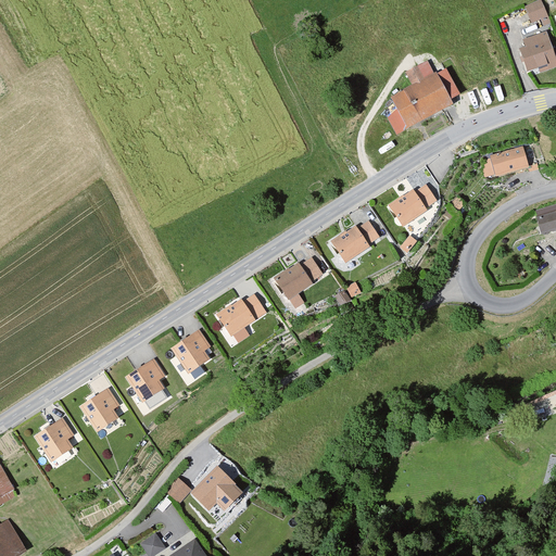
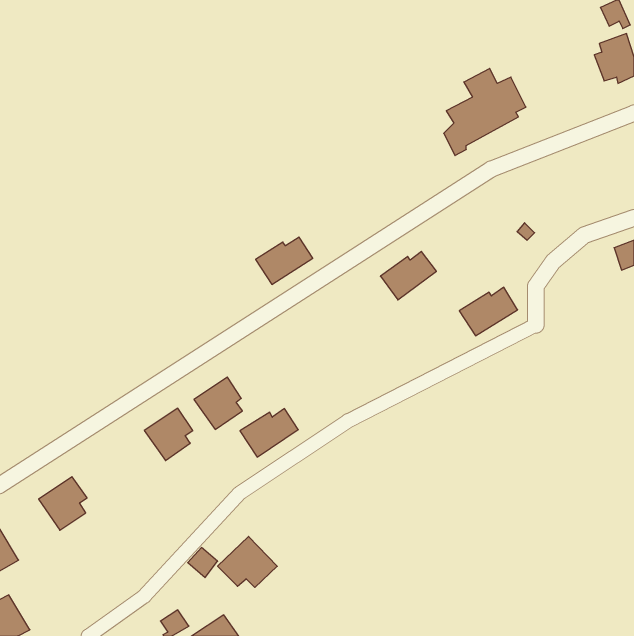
building: [491,144,530,175] -> none
building: [388,184,439,226] -> [459,287,518,336]
building: [275,257,325,299] -> [256,237,313,284]
building: [216,294,267,337] -> [240,409,298,457]
building: [79,387,119,431] -> none

